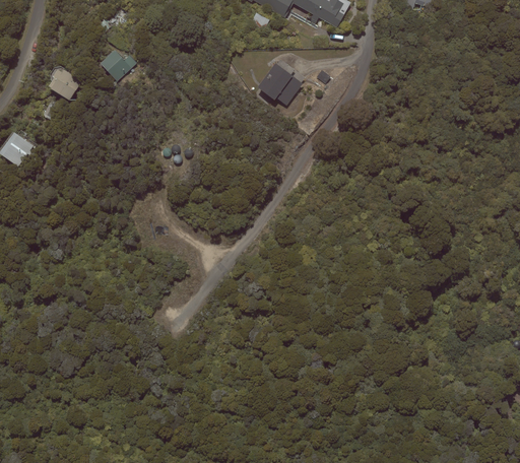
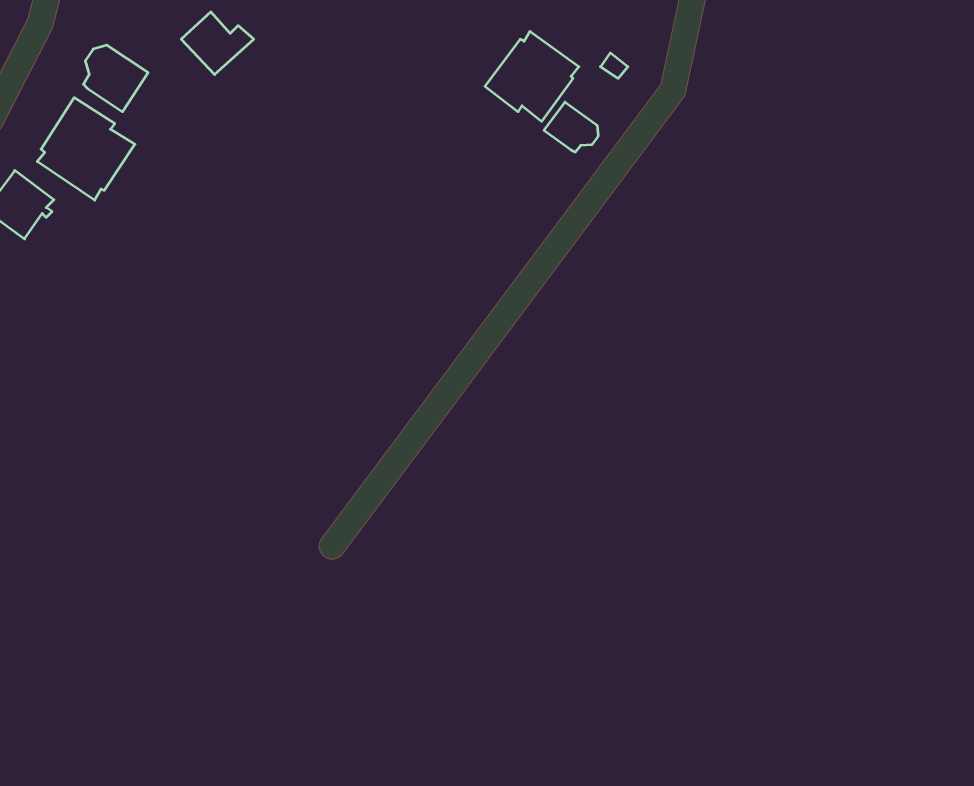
building: none -> [37,98,135,200]
building: none -> [544,102,598,152]

